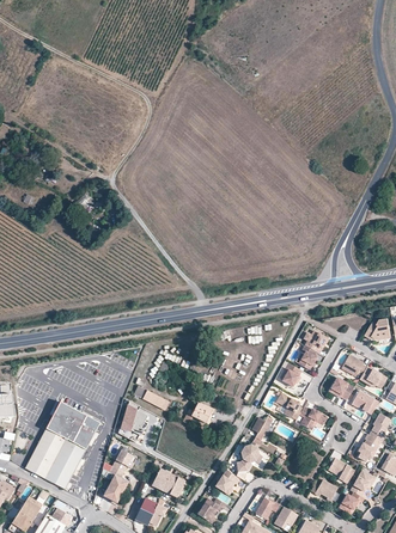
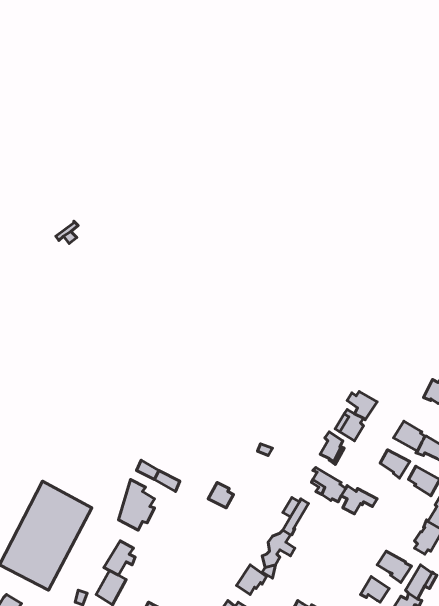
building: [152,467,184,496] -> none

